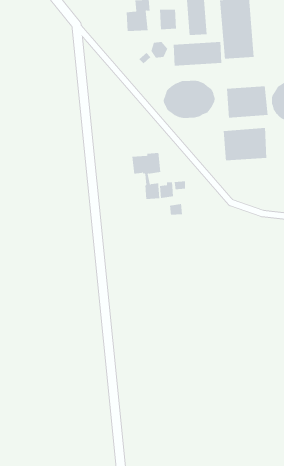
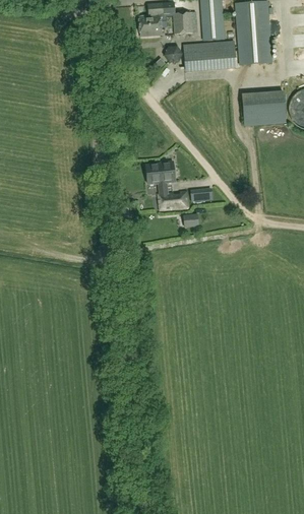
building: [163,80,215,119] -> none
building: [223,127,267,161] -> none

